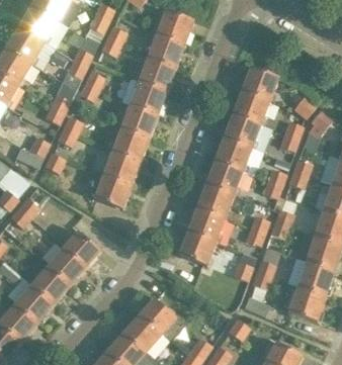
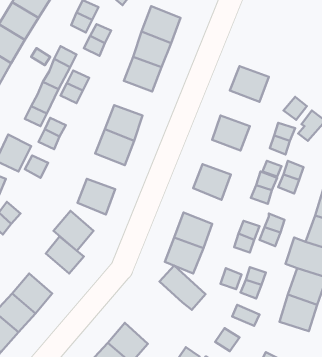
building: [131,80,167,113] -> none
building: [233,89,270,123] -> none
building: [216,136,252,170] -> none
building: [104,150,141,184] -> none
building: [197,183,234,217] -> none
building: [49,246,87,284] -> [54,211,94,251]
building: [141,297,185,340] -> [159,266,206,310]

